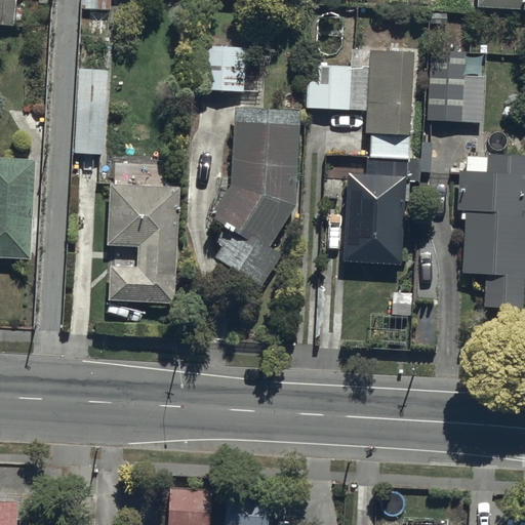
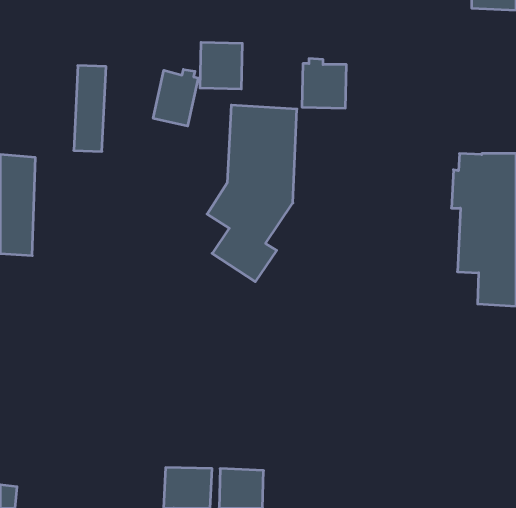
building: [342,50,413,266] -> none
building: [429,50,483,119] -> none
building: none -> [153,69,198,126]
building: [108,187,180,305] -> none

